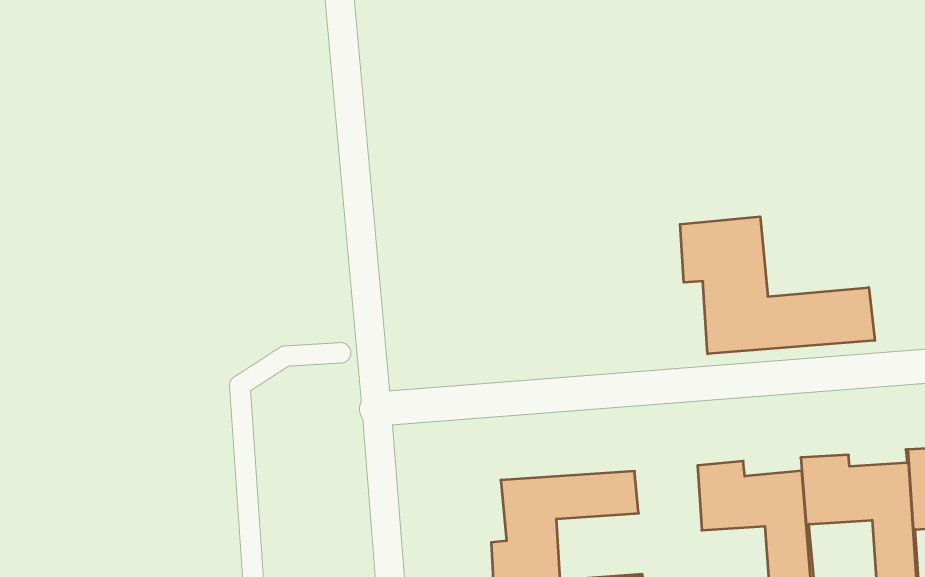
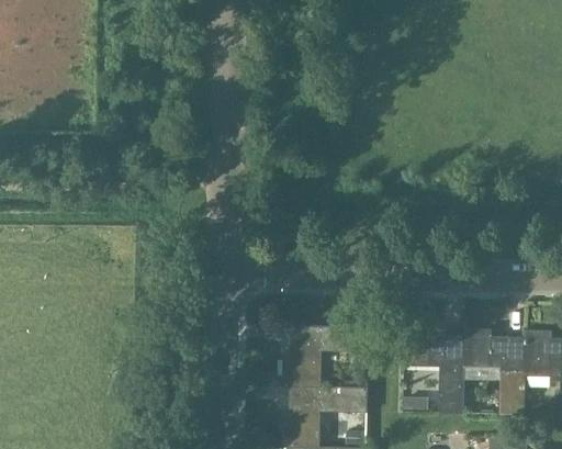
building: [680,217,875,354] -> none

